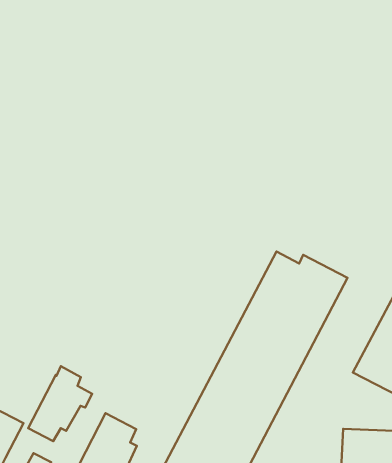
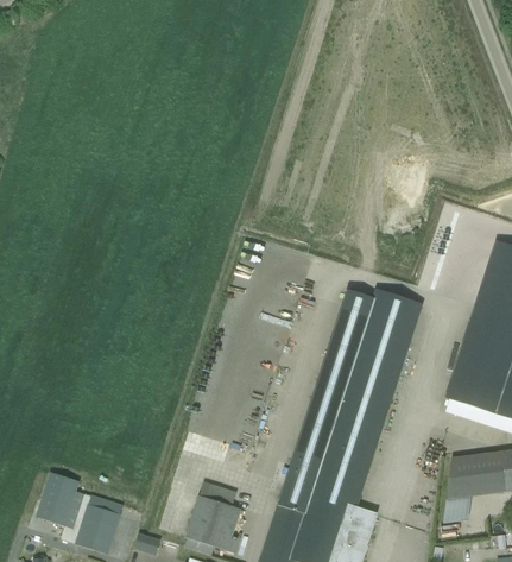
building: [28,366,92,441] -> none

